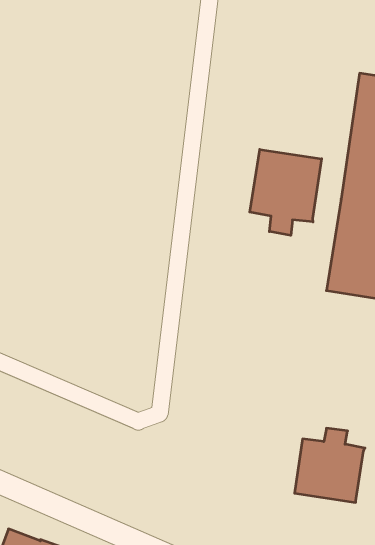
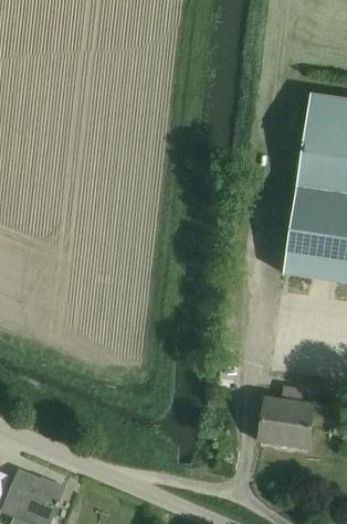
building: [250,149,322,235] -> none

